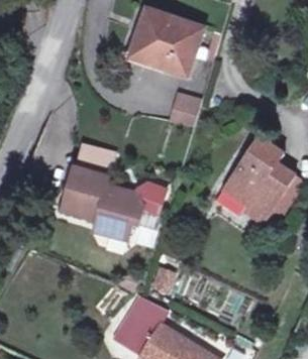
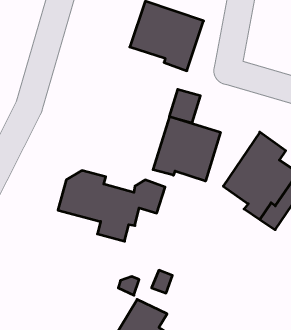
building: none -> [153,117,220,181]
building: [70,142,115,182] -> none

